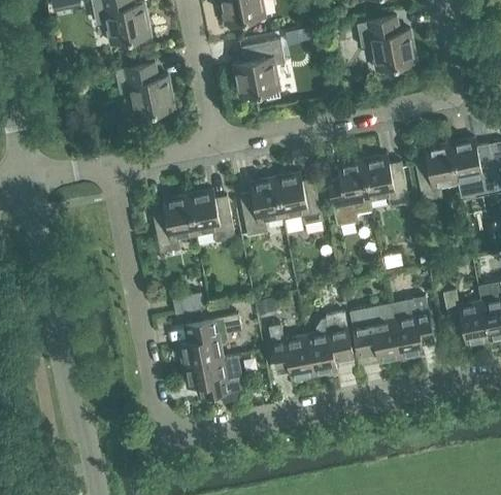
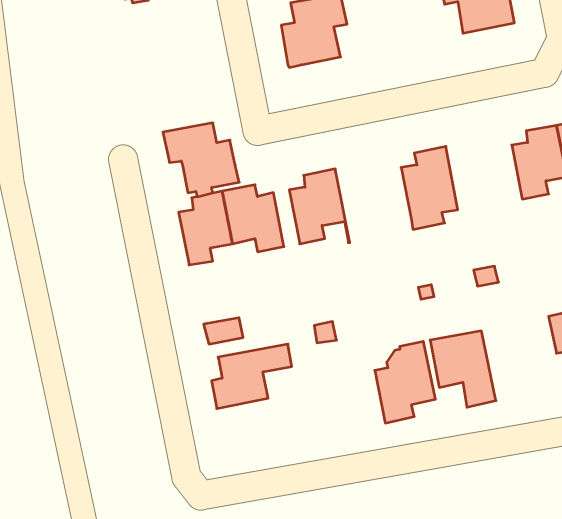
building: [115,63,175,121] -> [163,123,239,197]
building: [363,156,410,209] -> none
building: [276,172,324,235] -> none
building: [391,297,435,359] -> none
building: [270,326,315,381] -> none
building: [183,356,245,399] -> none

